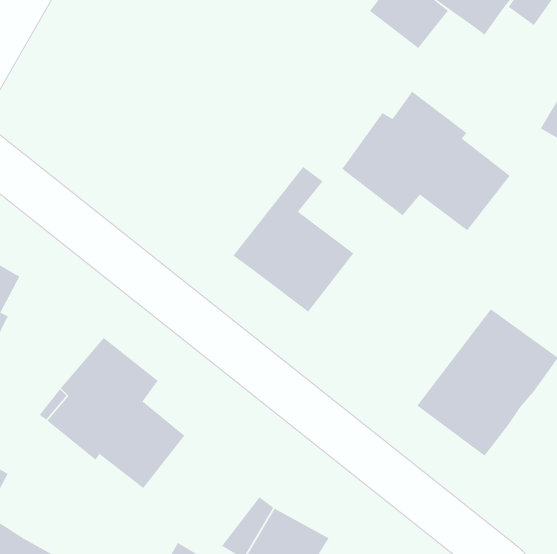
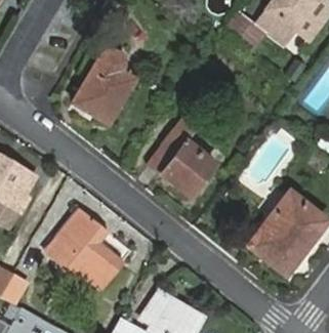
building: none -> [72,48,133,122]
building: [341,91,510,231] -> none

